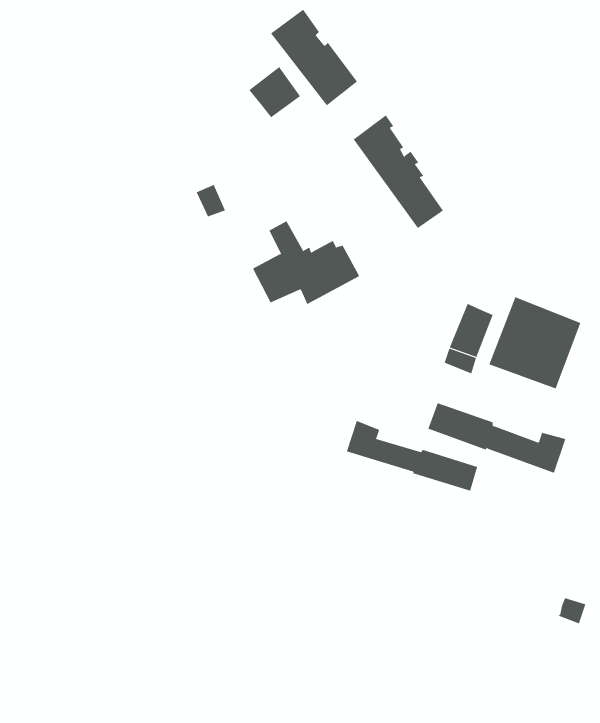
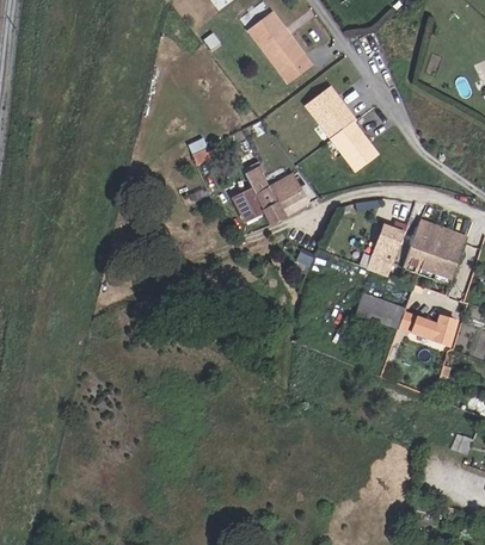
building: [249,66,301,118] -> none
building: [346,420,478,491] -> none

